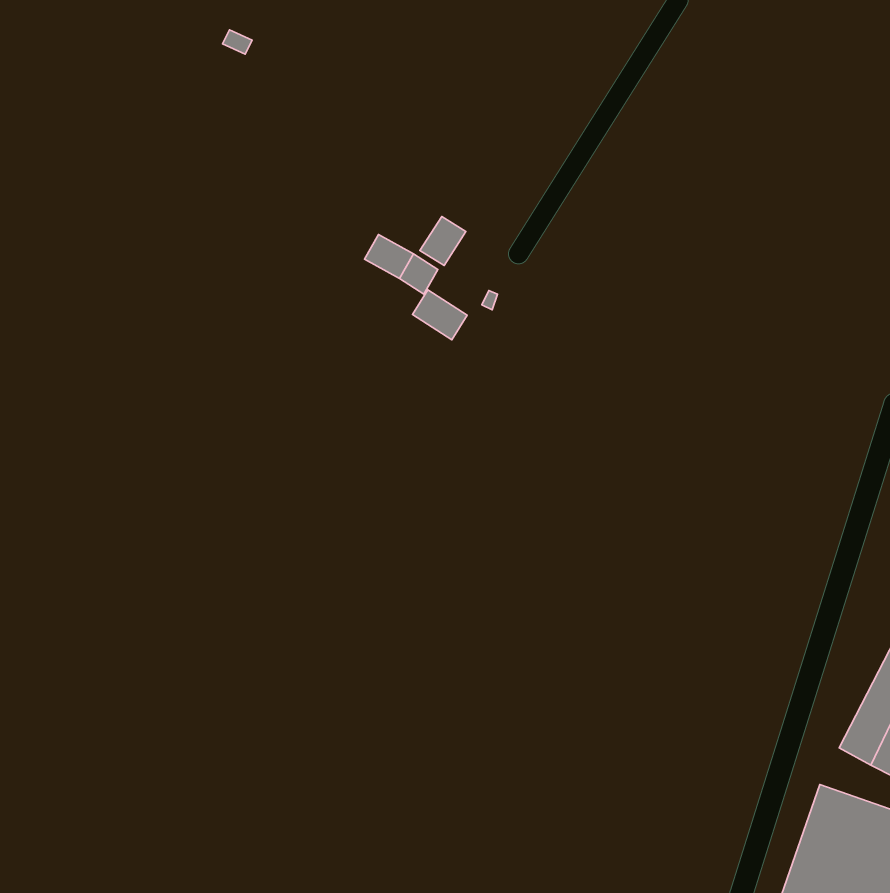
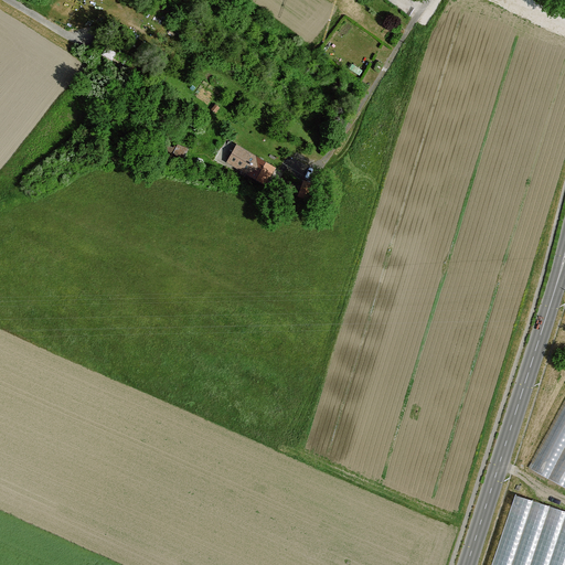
building: [420,217,466,266] -> none
building: [412,290,467,340] -> none

